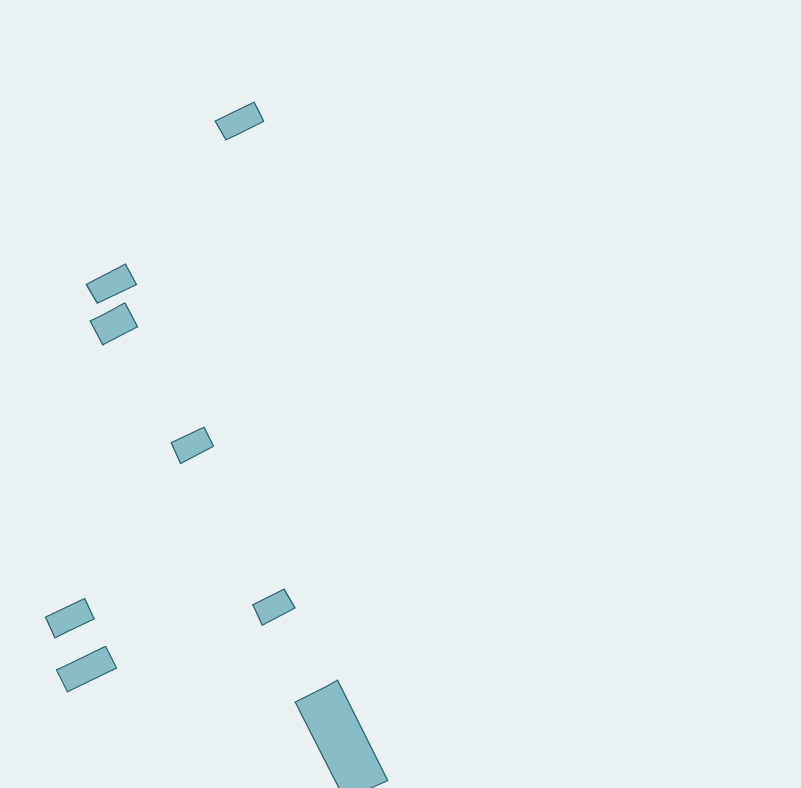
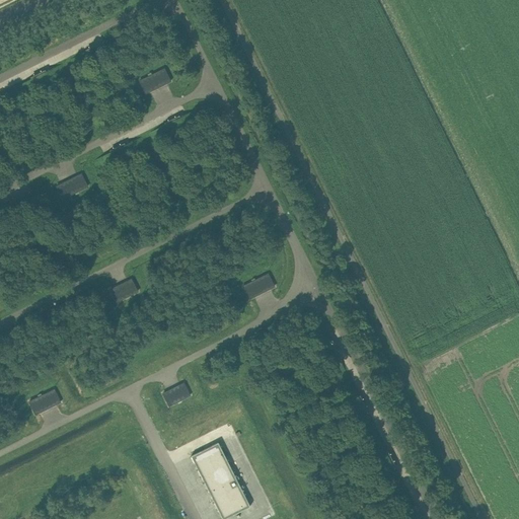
building: [90,303,138,345] -> none
building: none -> [243,274,275,299]
building: [56,646,117,692] -> none

